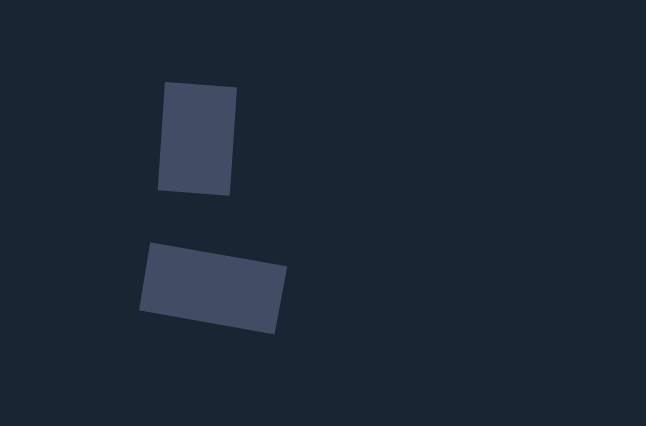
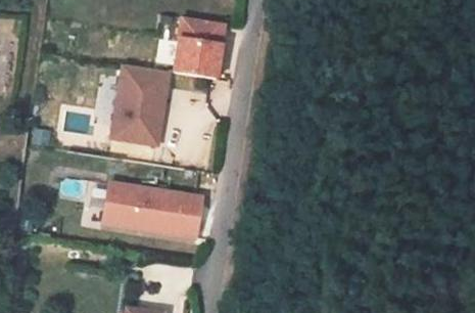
building: none -> [169,14,227,81]

